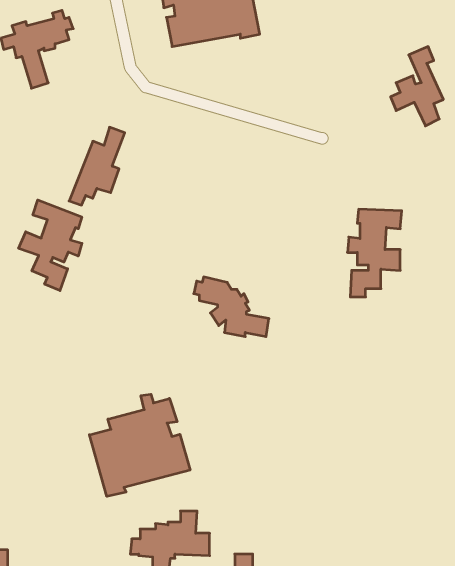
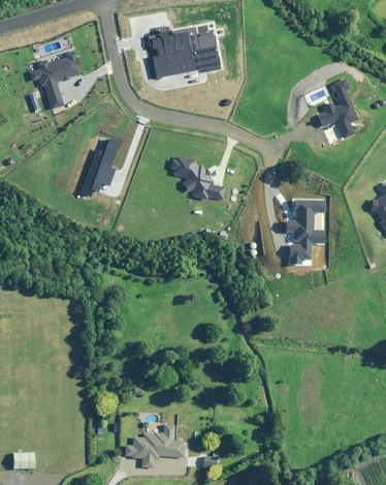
building: [19,200,82,291] -> none
building: [194,277,269,337] -> [170,156,226,201]
building: [89,394,190,496] -> none

